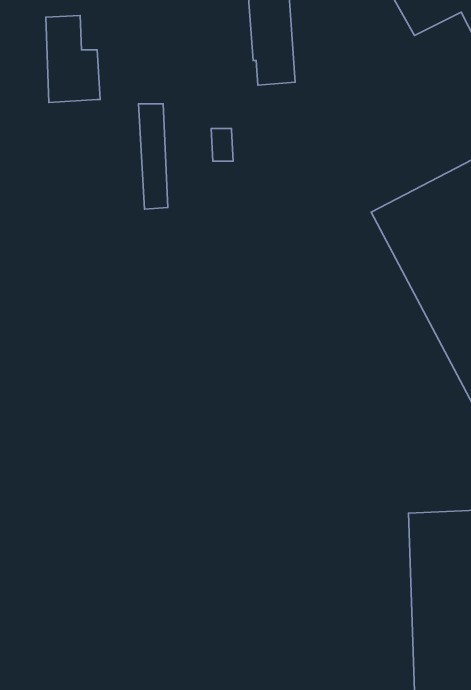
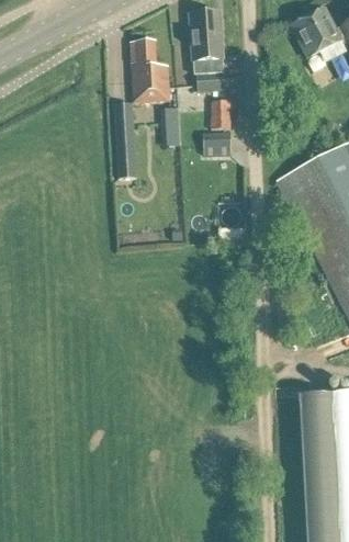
building: [46,16,100,102] -> [130,41,168,102]
building: none -> [203,101,229,146]

